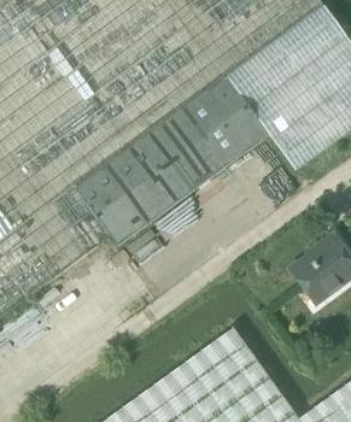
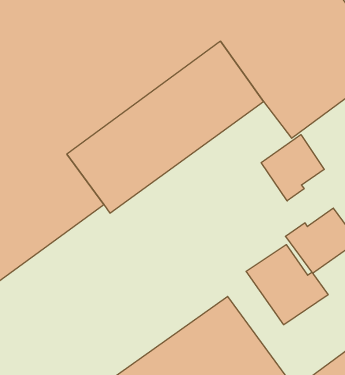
building: none -> [261,135,324,201]
building: none -> [246,245,328,325]

